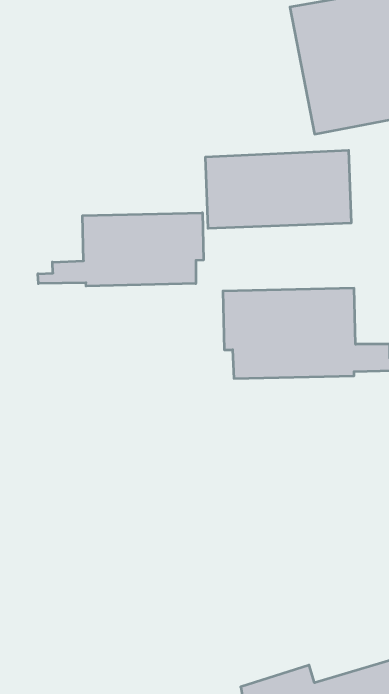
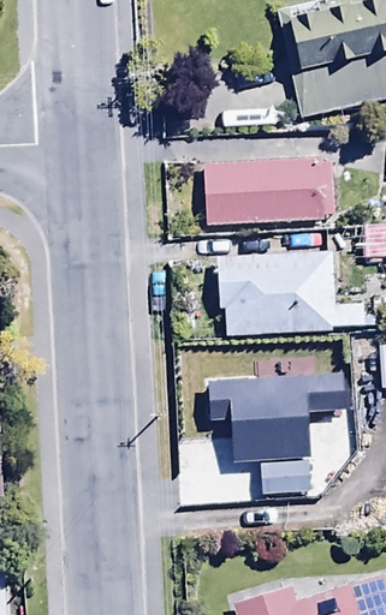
building: [38,213,203,286] -> none
building: none -> [234,381,348,506]

